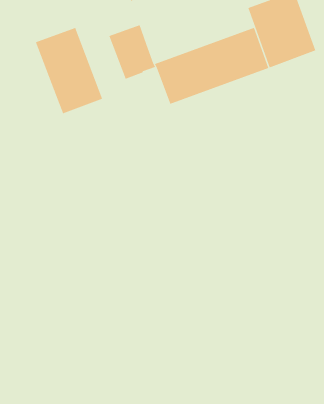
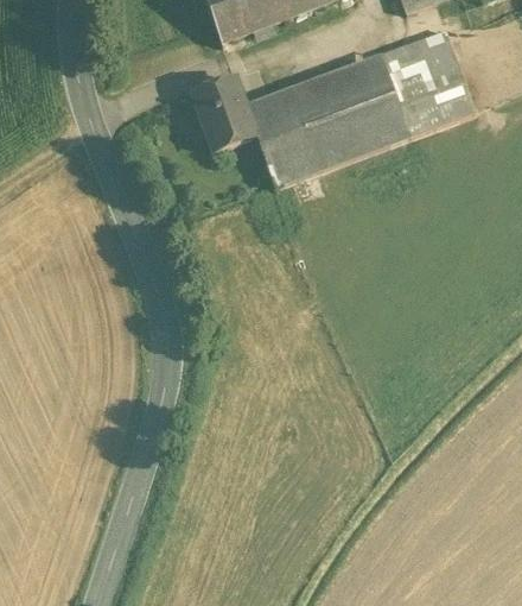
building: none -> [244,55,390,131]
building: [35,27,103,114] -> none

